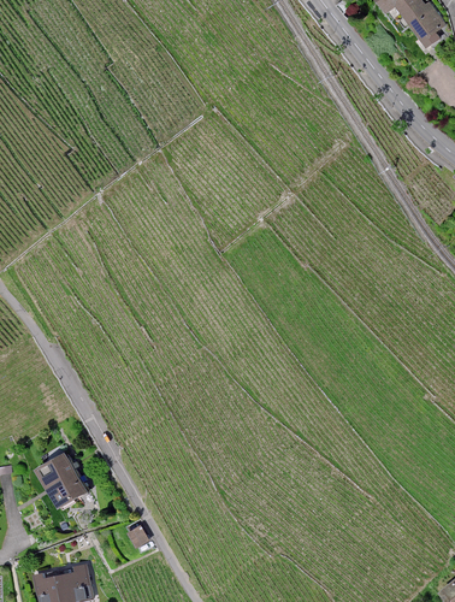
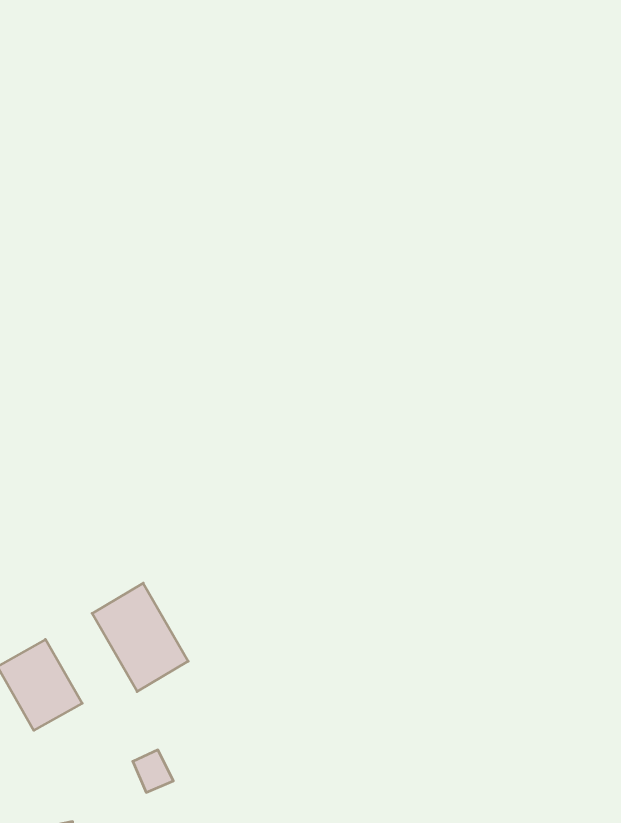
building: none -> [92,583,188,692]

